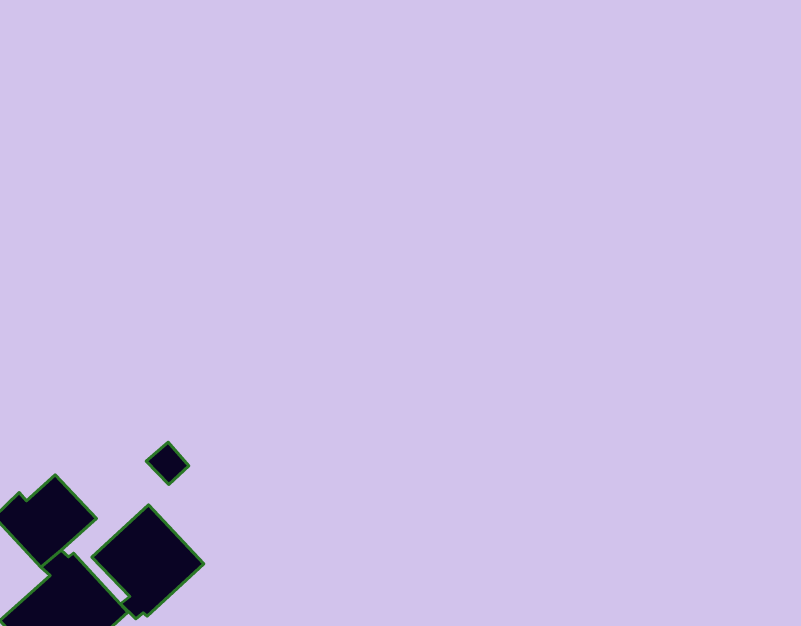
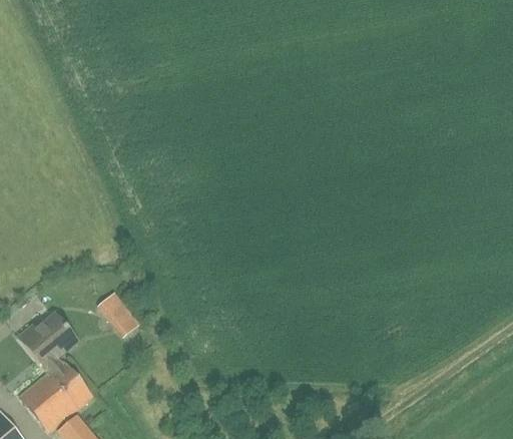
building: [92,505,204,619] -> none

